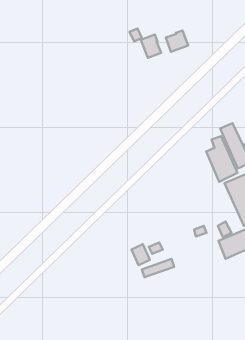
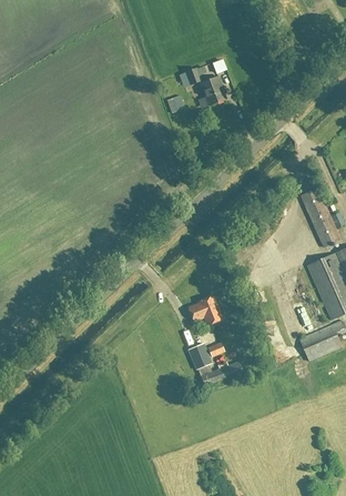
building: [166,31,188,52] -> none
building: [206,136,238,182] -> none
building: none -> [189,296,222,325]

